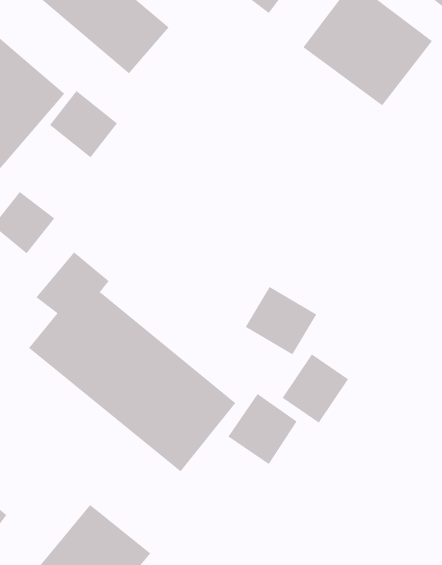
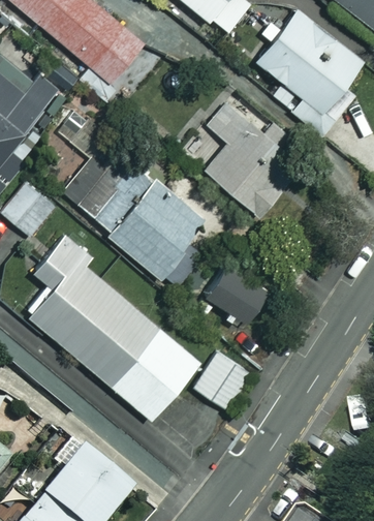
building: none -> [201,101,300,207]
building: none -> [77,153,217,283]
building: [282,353,349,423] -> none

